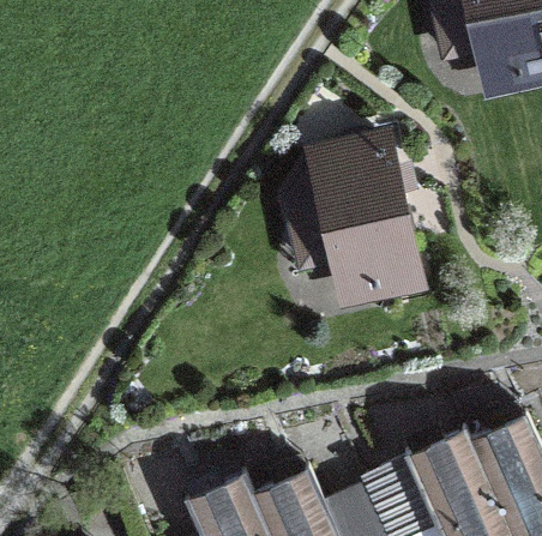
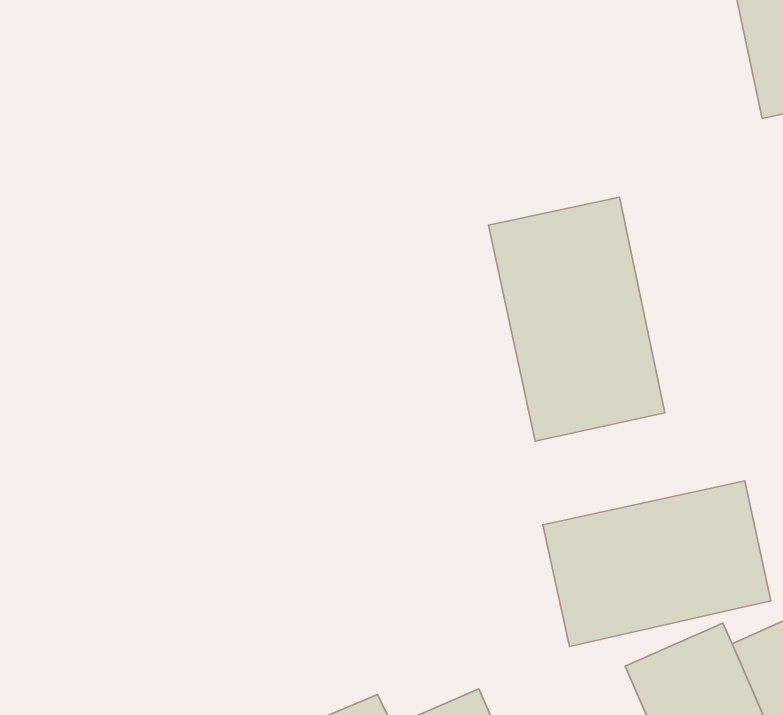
building: none -> [543,481,771,646]

